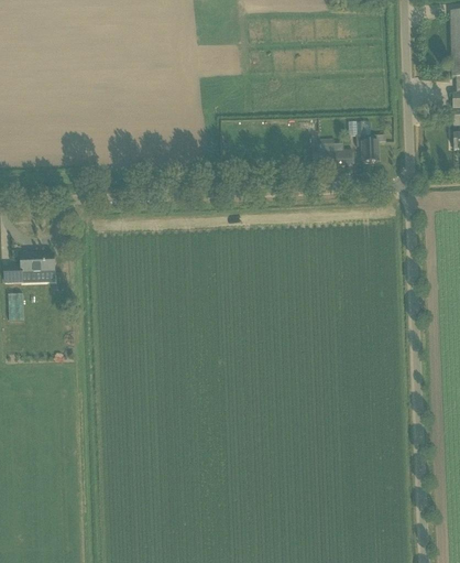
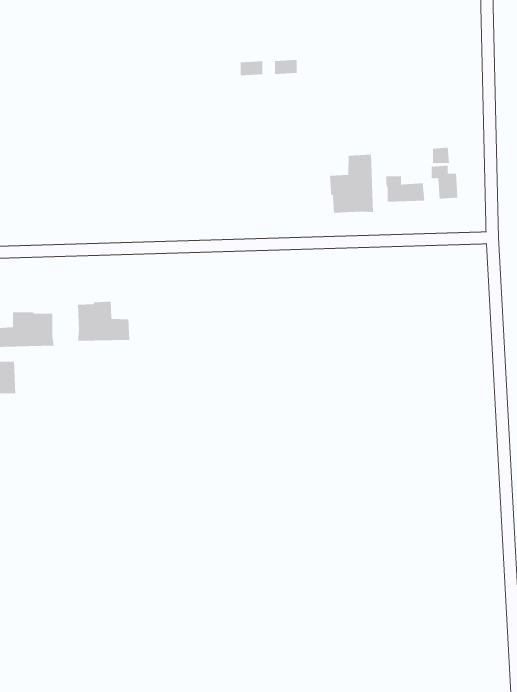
building: none -> [329,154,374,214]
building: none -> [77,301,130,342]

